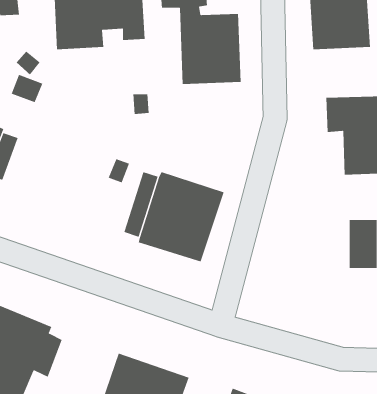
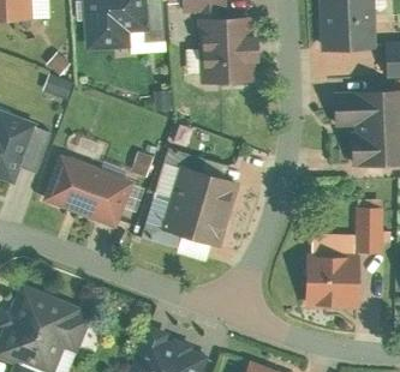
building: none -> [42,154,133,228]
building: none -> [304,234,358,306]

